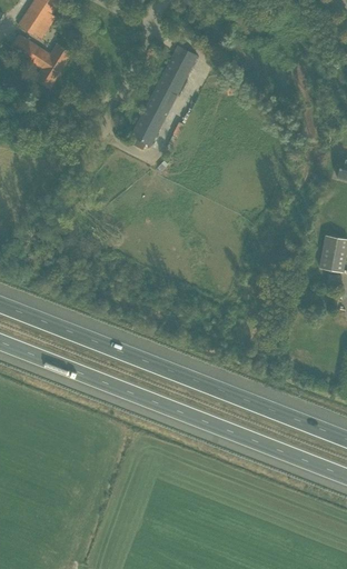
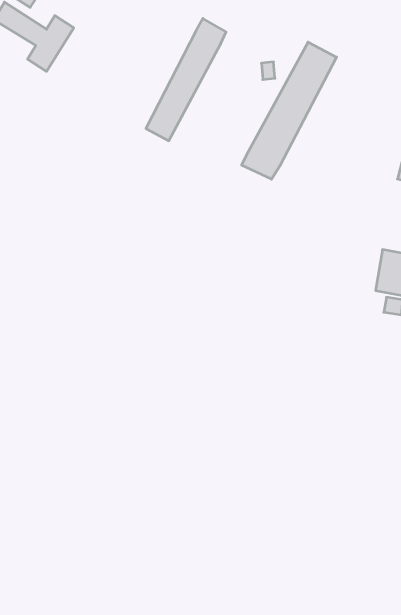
building: none -> [242,42,337,179]

